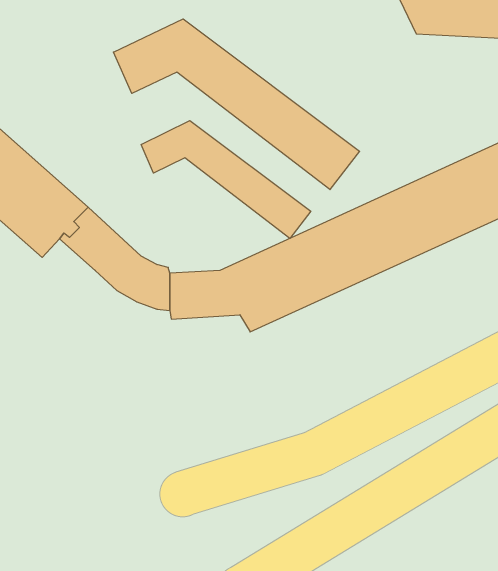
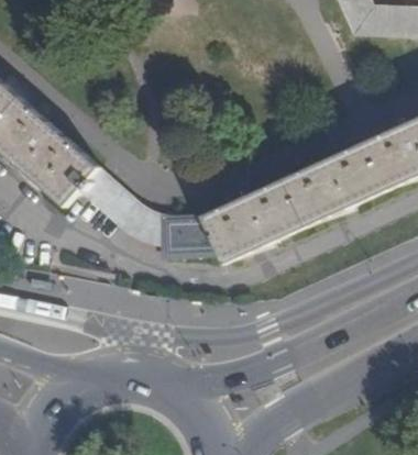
building: [113,19,360,190] -> none
building: [141,121,311,238] -> none

